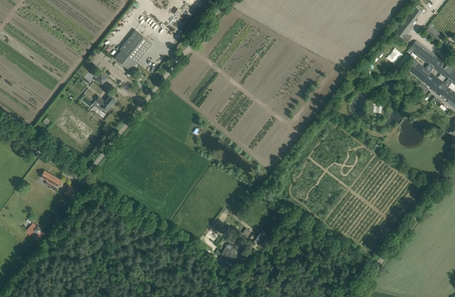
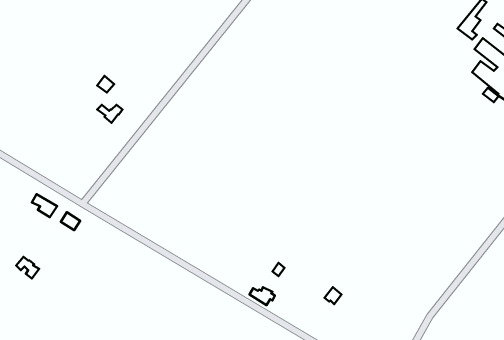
building: [115,29,152,70] -> none

